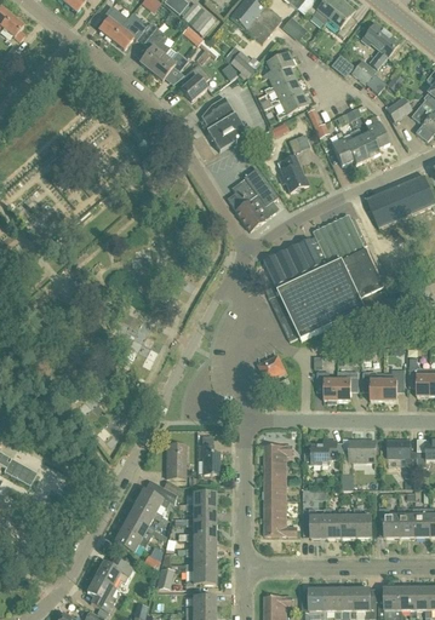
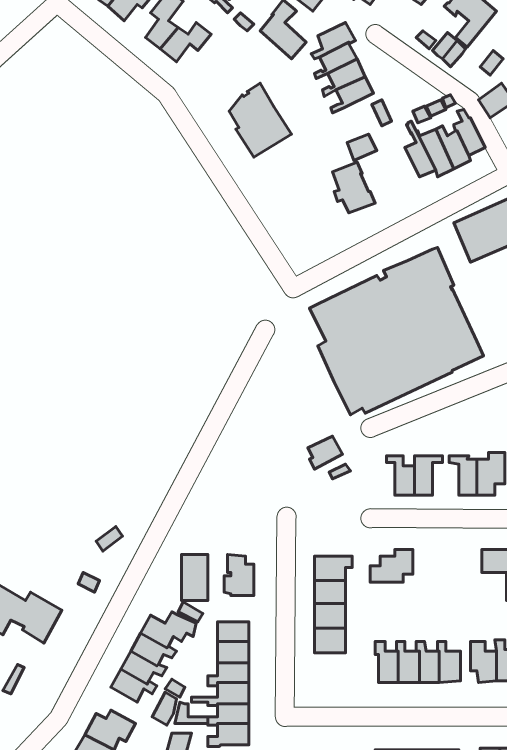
building: [181,63,210,101] -> none
building: [227,167,277,230] -> none
building: [343,438,376,488] -> none
building: [264,516,297,535] -> none

